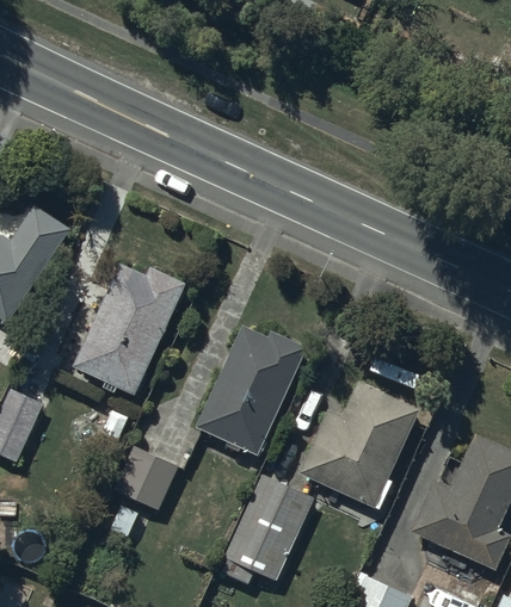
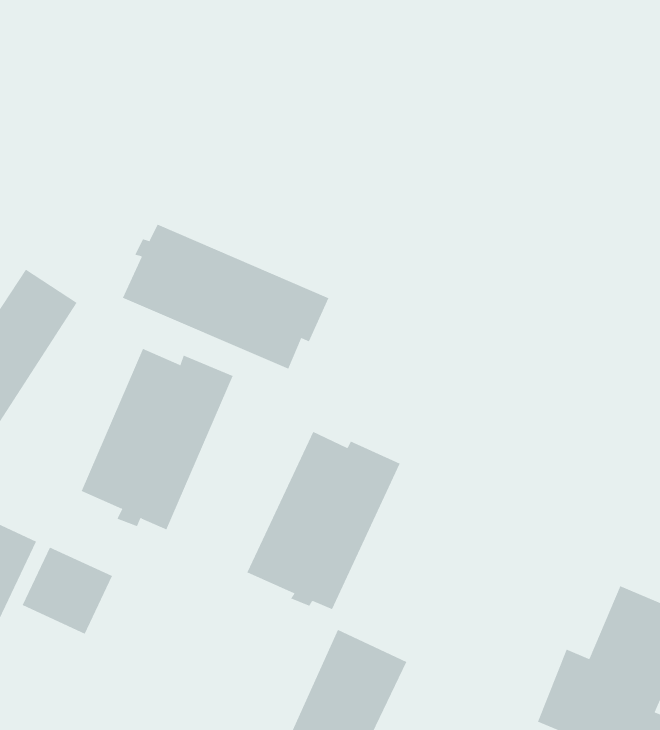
building: none -> [122,224,329,370]
building: [298,377,419,504] -> none
building: [115,445,181,509] -> [22,547,113,634]

